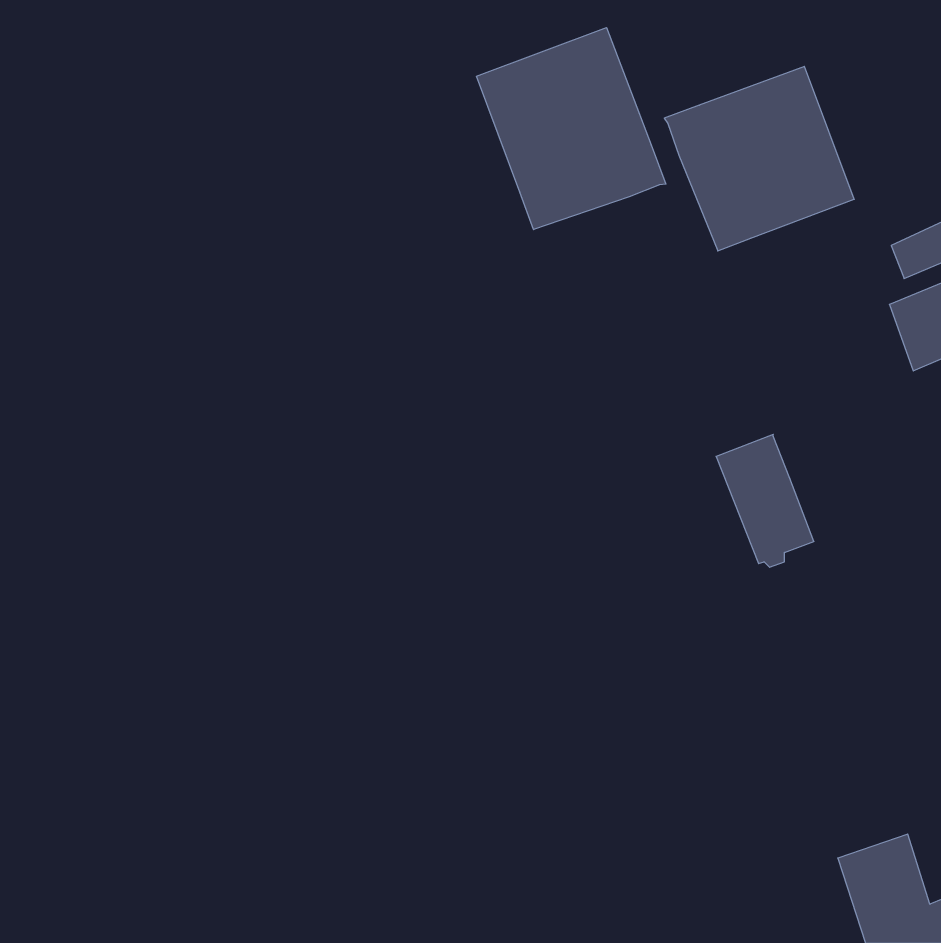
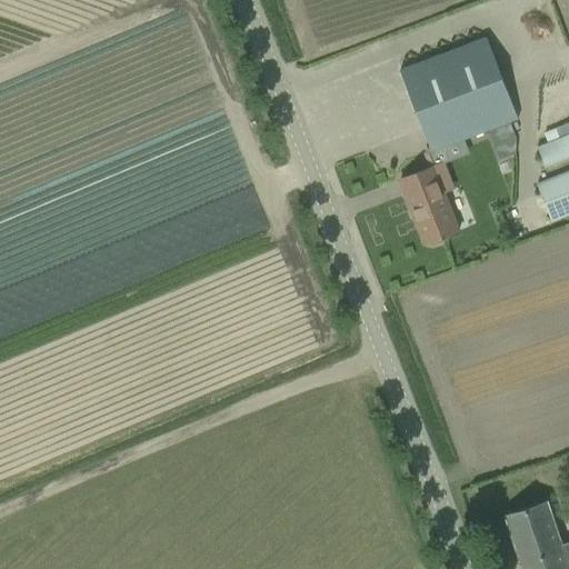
building: [476,28,666,230] -> none
building: [716,434,814,567] -> [400,167,459,247]

